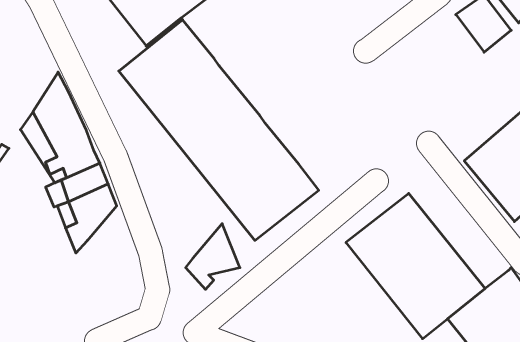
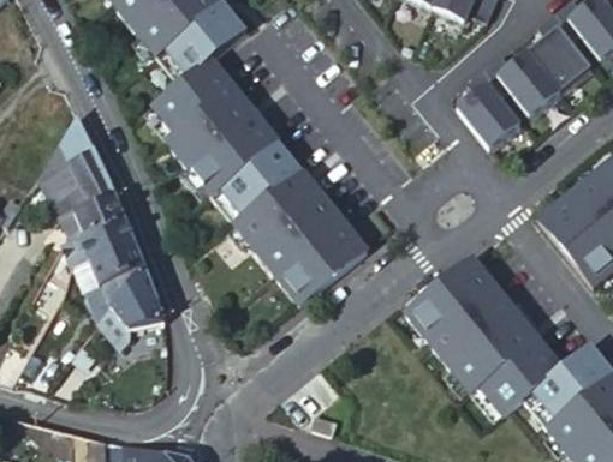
building: none -> [495,48,563,116]
building: none -> [456,79,523,150]
building: [186,224,240,289] -> [99,268,161,343]

